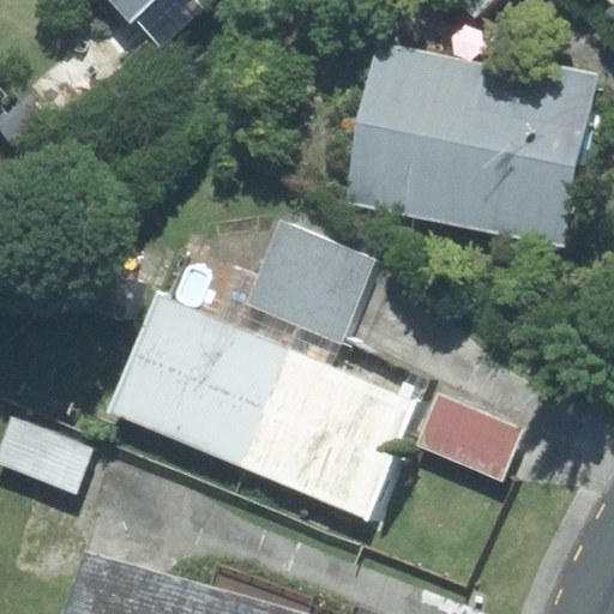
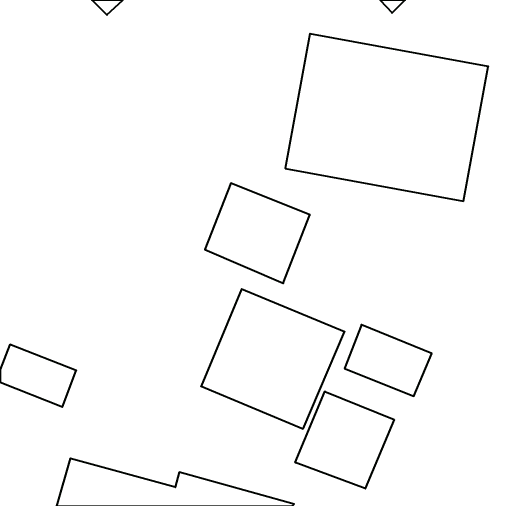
building: [108,295,293,468] -> none
building: none -> [295,391,394,489]

